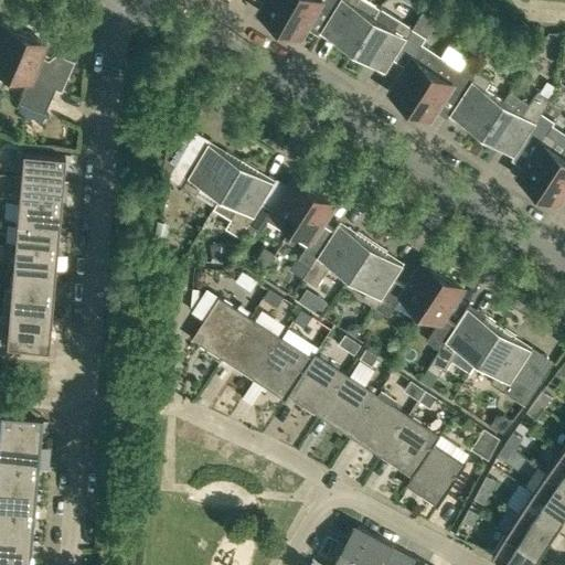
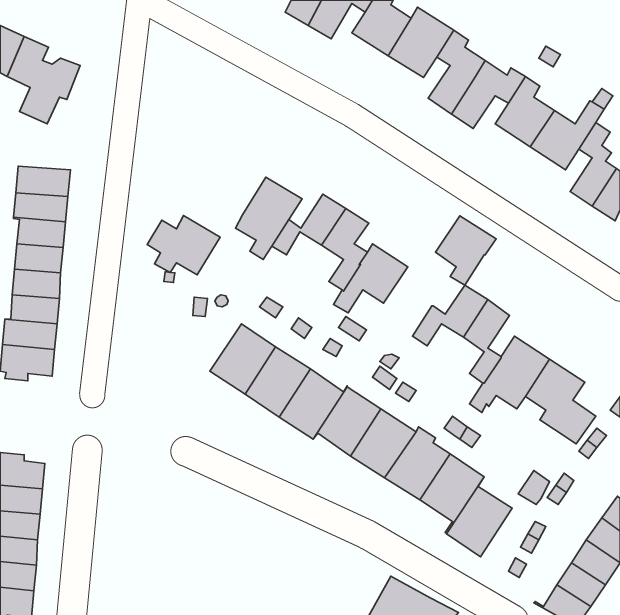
building: [175,146,242,200] -> [147,215,220,275]
building: [349,247,404,310] -> [436,216,496,285]

